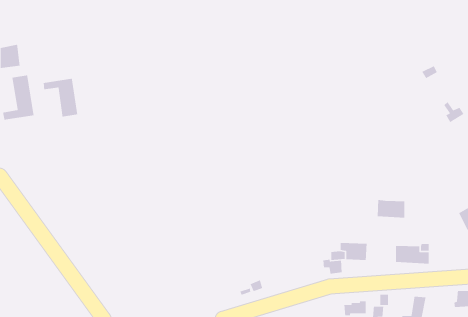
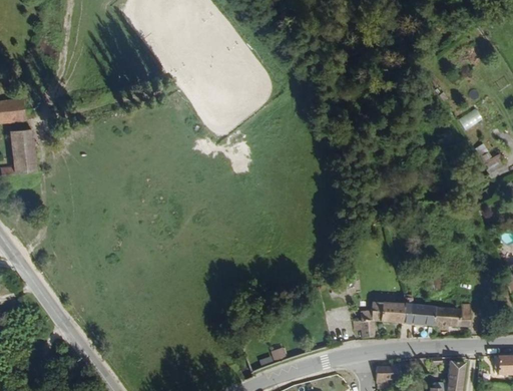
building: [43,78,78,117] -> none
building: [377,199,405,219] -> [400,305,431,326]

